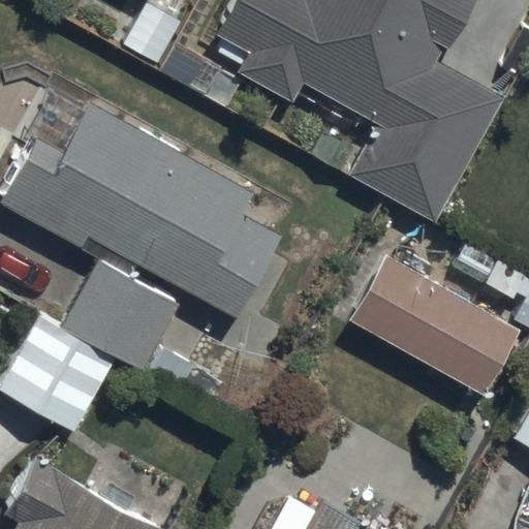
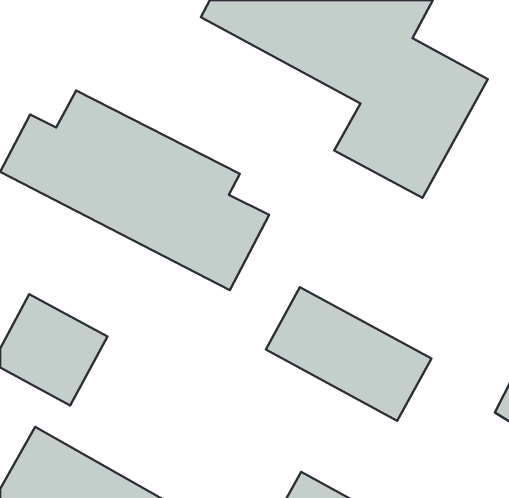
building: [347,256,518,394] -> [266,287,431,421]
building: [60,268,175,369] -> none

